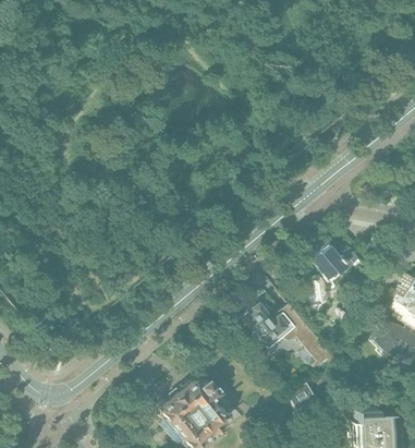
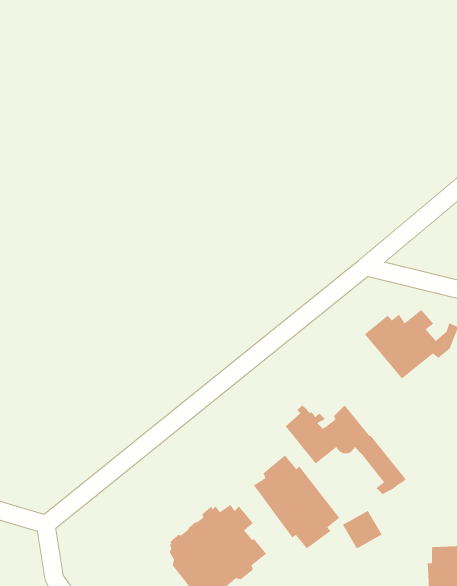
building: none -> [252,454,340,551]

